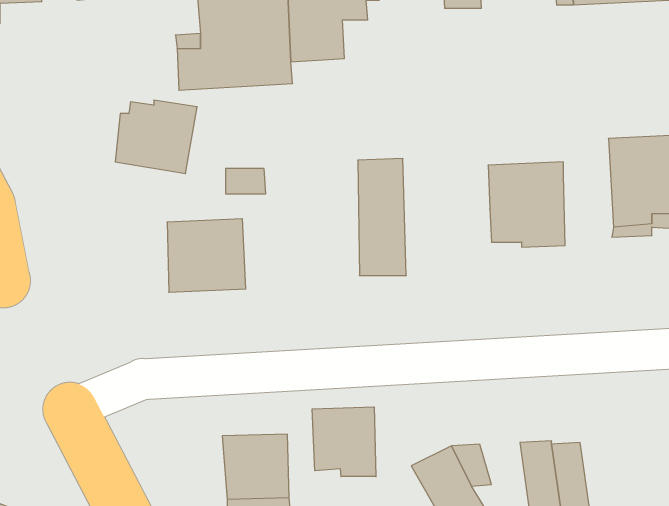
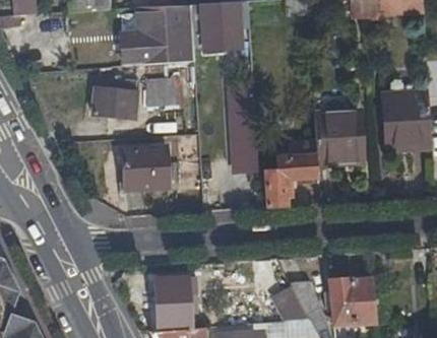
building: none -> [150,82,187,111]
building: none -> [265,139,317,207]
building: [312,407,376,477] -> none

